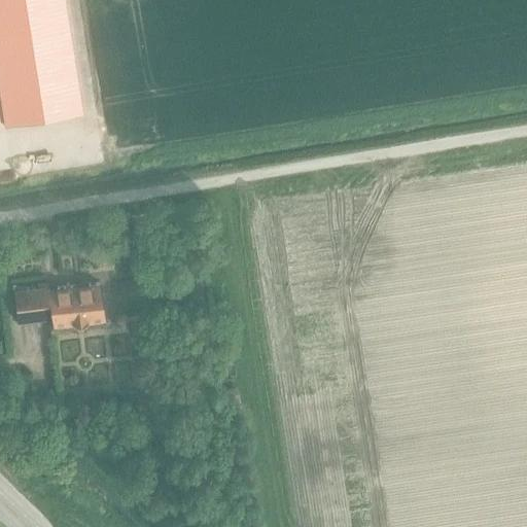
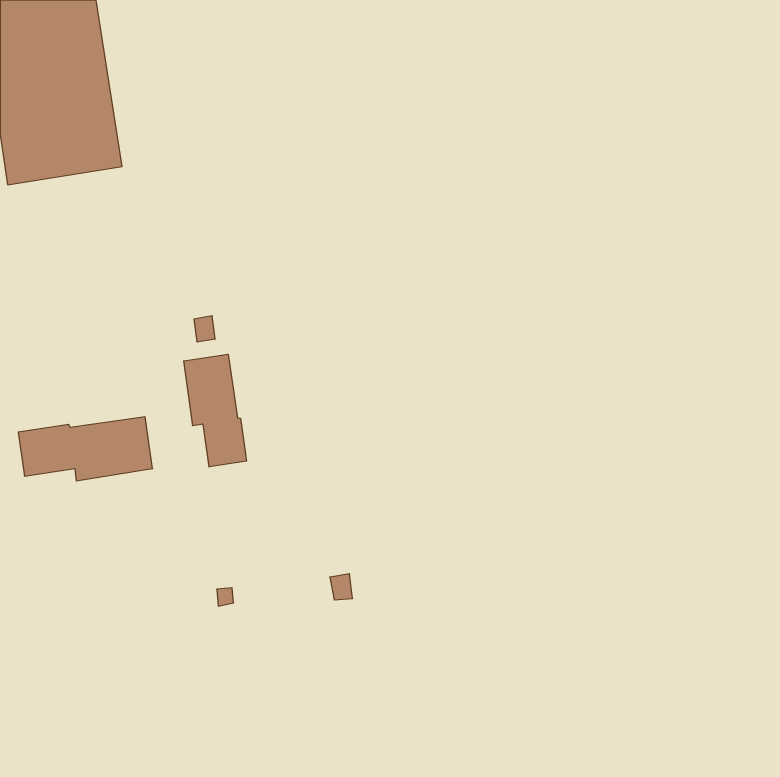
building: none -> [184,354,247,467]

